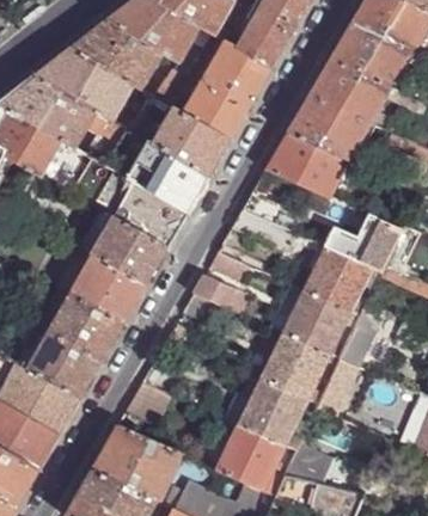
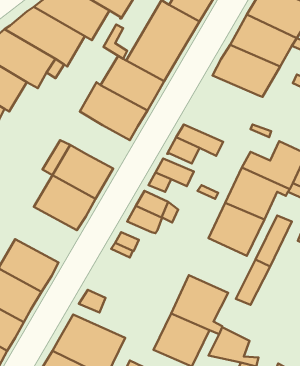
building: [267,134,346,197] -> none
building: [134,195,188,247] -> none
building: [48,294,123,362] -> none
building: [259,332,330,399] -> none

